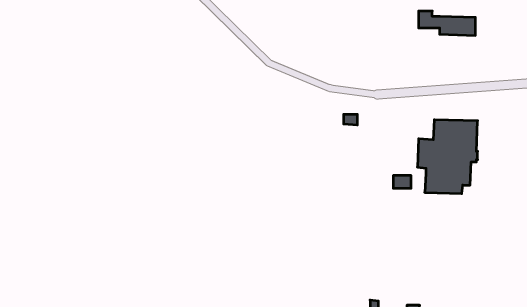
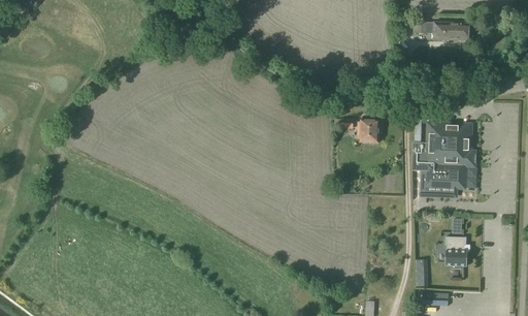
building: none -> [357,119,380,143]
building: none -> [446,235,467,267]

